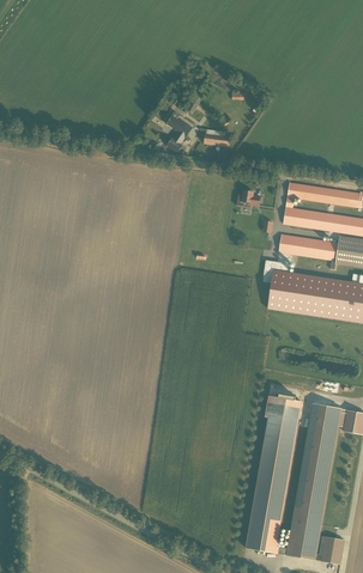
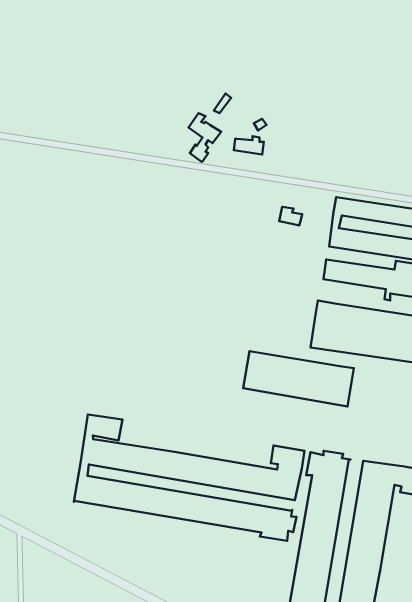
building: none -> [243,351,354,406]
building: none -> [74,414,304,541]

